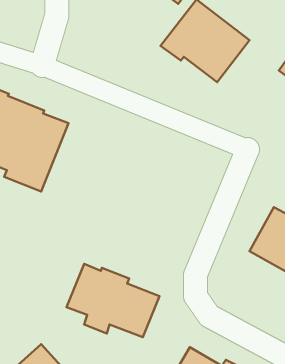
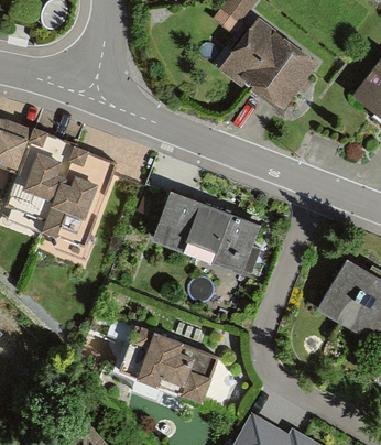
building: none -> [151,186,260,272]

